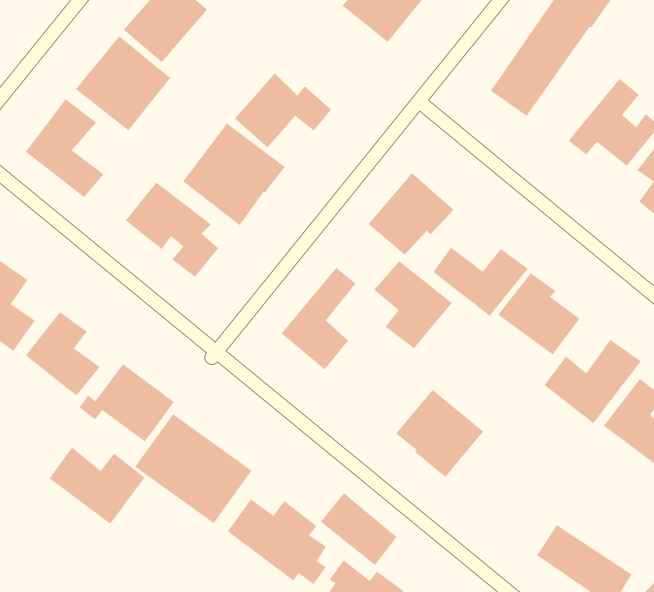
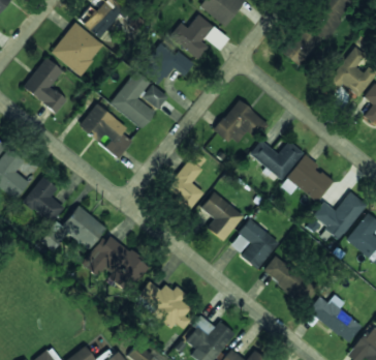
building: none -> [169,13,228,59]
building: [373,260,453,349] -> [200,190,245,240]
building: [49,446,145,525] -> none
building: [320,492,398,566] -> [262,254,306,296]

